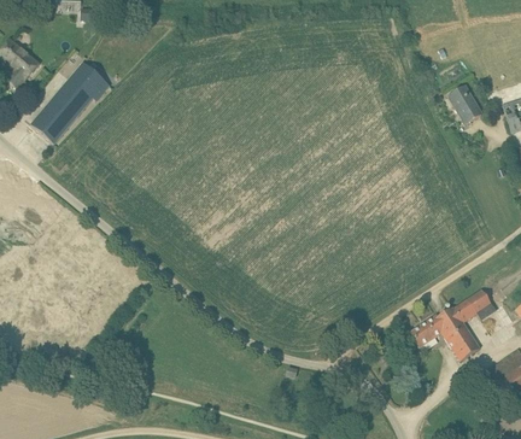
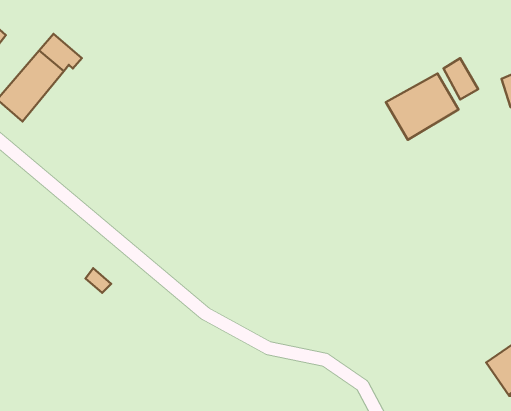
building: none -> [386,74,458,140]
building: [410,288,492,361] -> none

